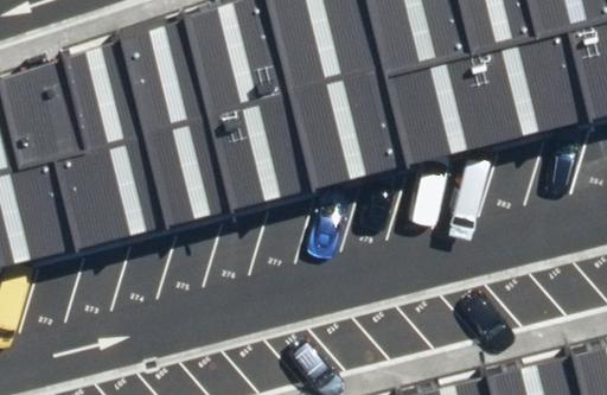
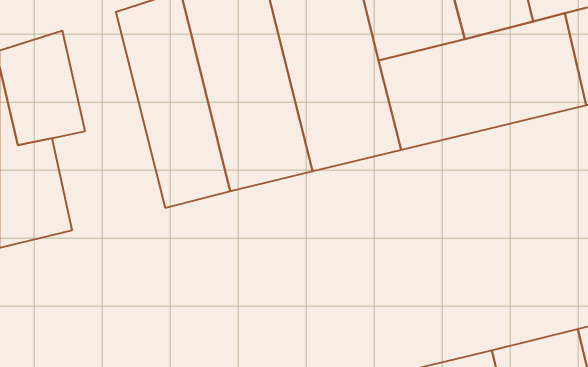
building: [53,34,167,254] -> none

